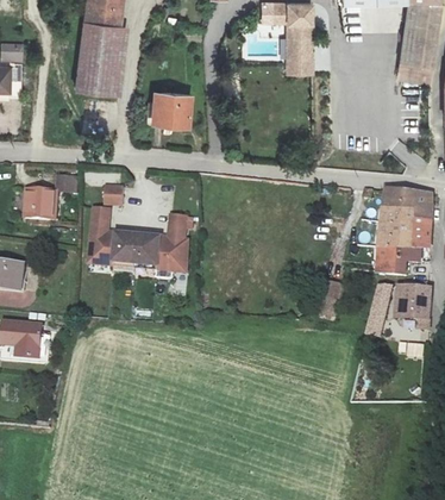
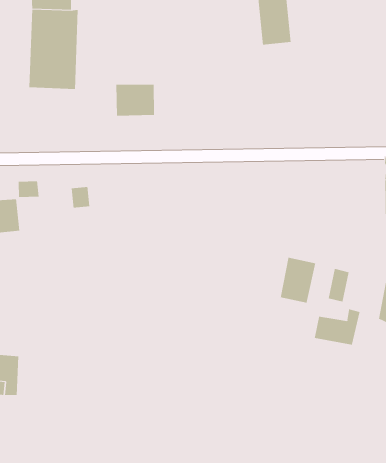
building: [87,205,188,269] -> none
building: none -> [280,257,316,303]
building: none -> [314,308,360,346]

